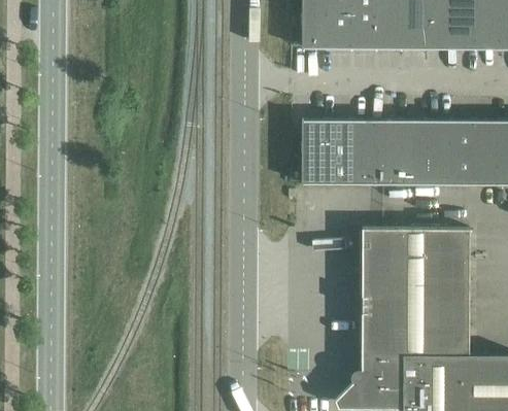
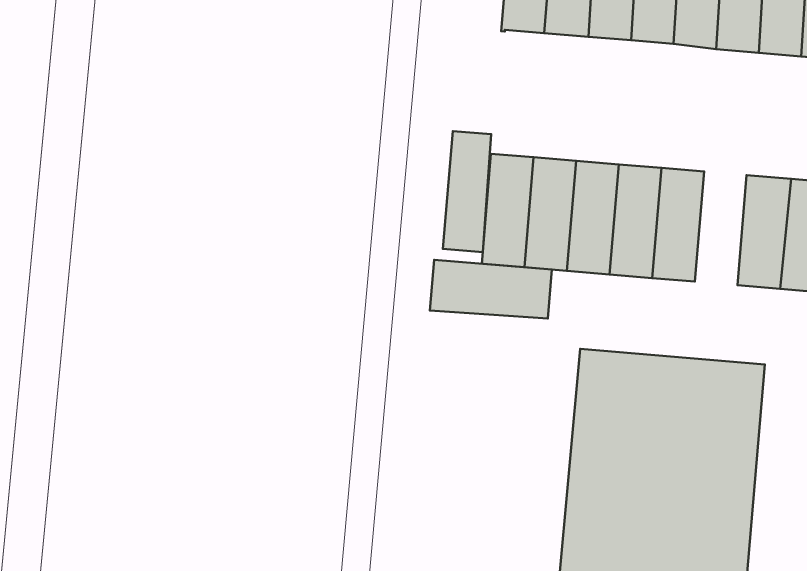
building: none -> [443,131,491,252]
building: [426,119,450,183] -> none
building: none -> [430,260,552,318]

